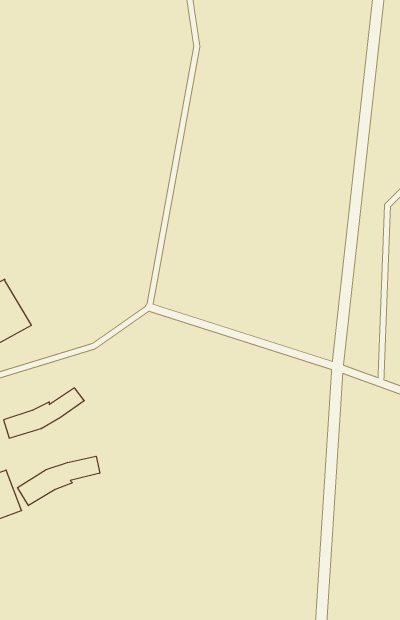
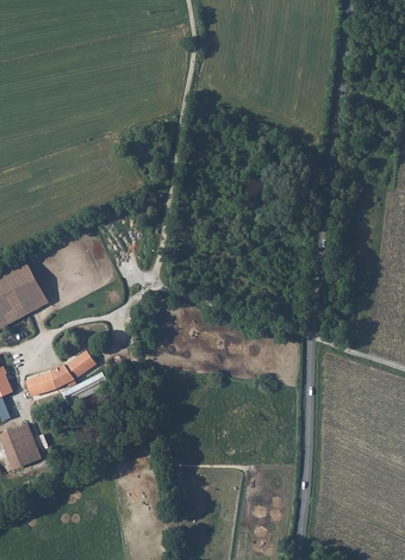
building: [18,456,100,506] -> none

